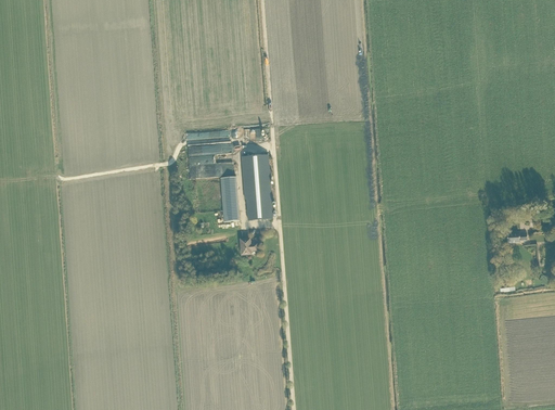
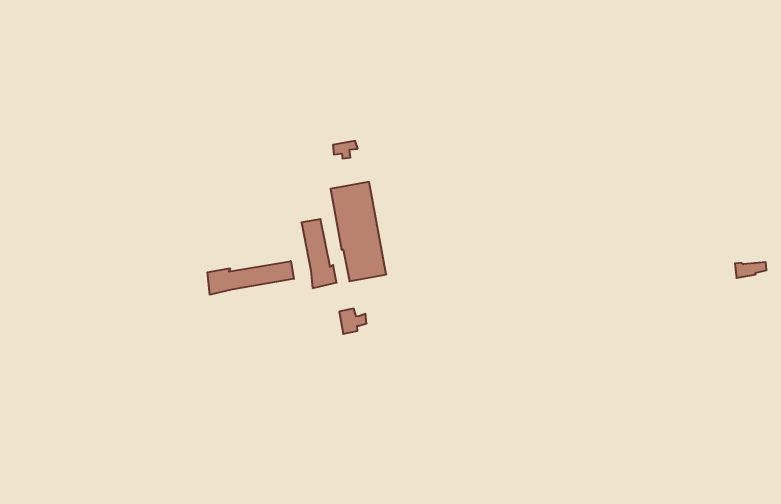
building: none -> [207,261,294,295]

